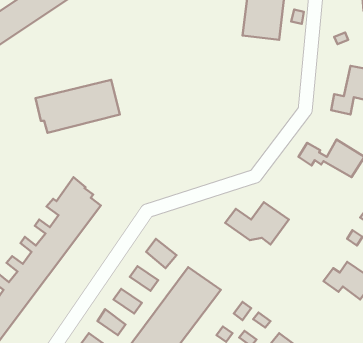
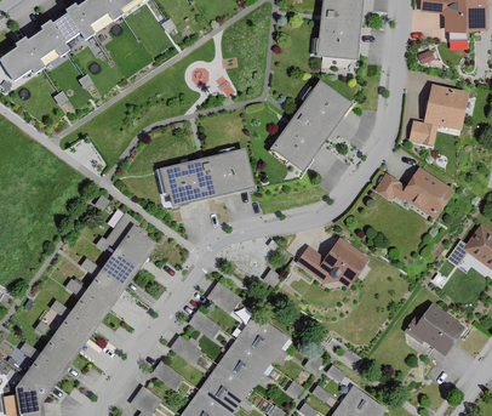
building: none -> [268,80,351,173]
building: [36,80,120,133] -> [158,149,252,209]

